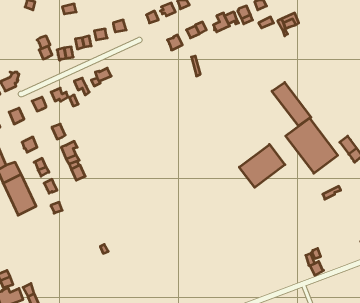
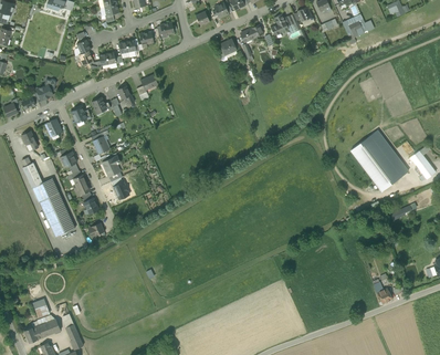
building: [272,82,311,126] -> none
building: [239,144,285,187] -> none

